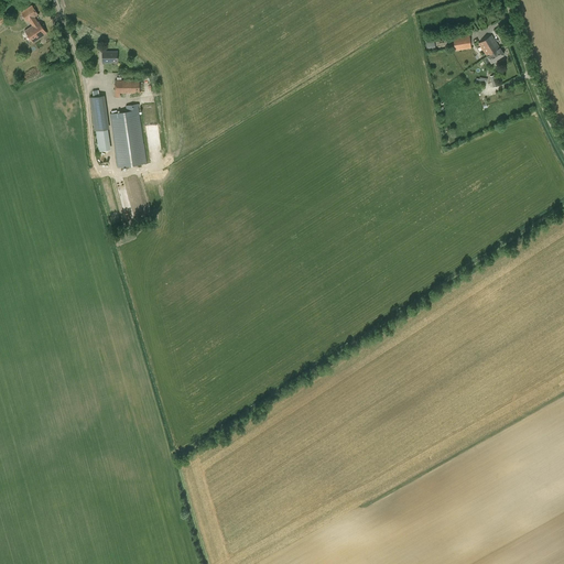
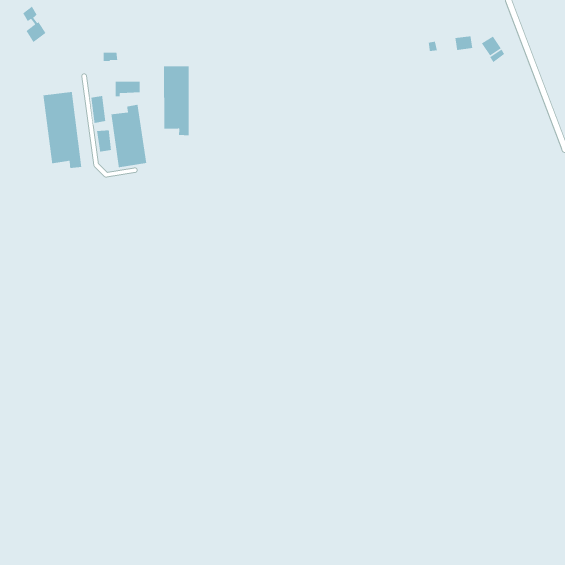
building: none -> [163,66,189,136]
building: none -> [42,91,82,169]

